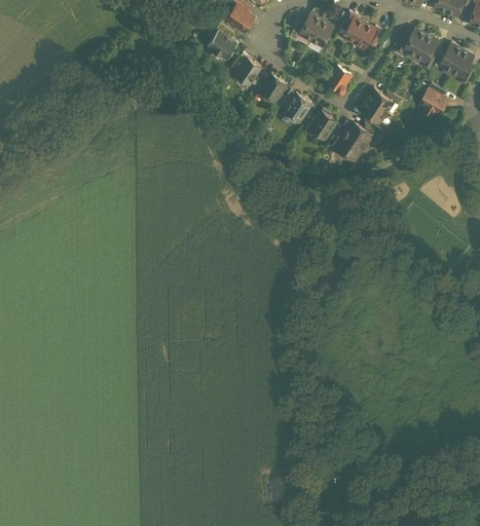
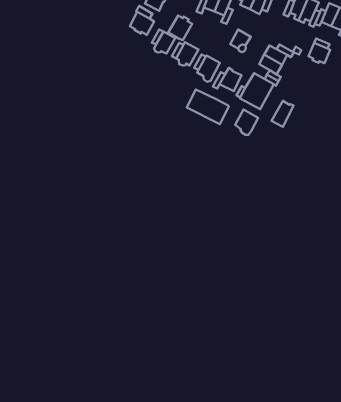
building: none -> [168,16,192,40]
building: none -> [187,90,229,124]
building: none -> [272,101,294,127]
building: none -> [235,110,258,135]

